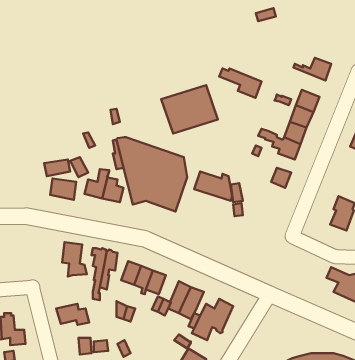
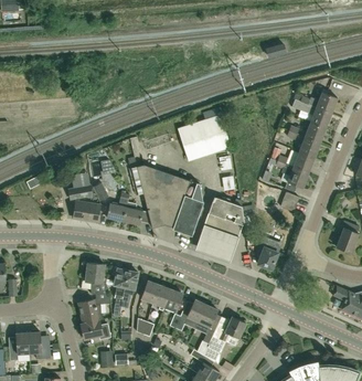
building: [219,68,262,98] -> [291,99,331,127]
building: none -> [196,213,243,262]
building: none -> [257,237,280,271]
building: none -> [77,293,110,325]

